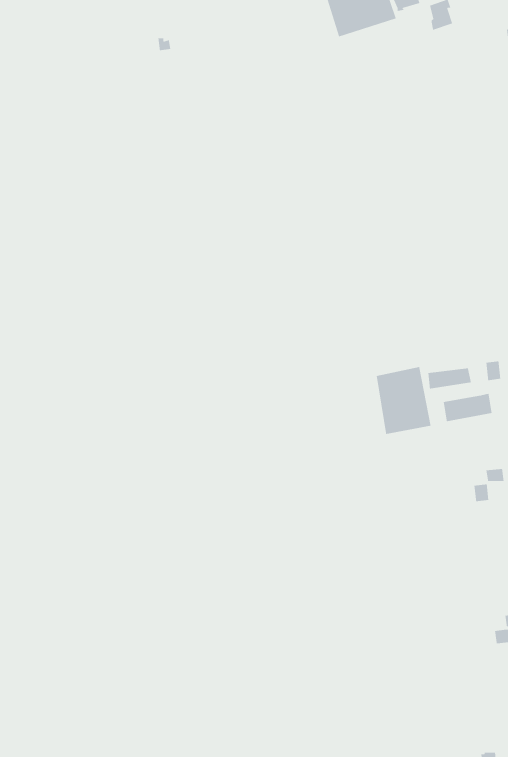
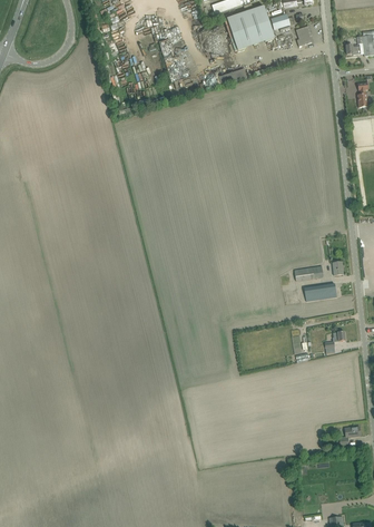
building: [376,366,431,435] -> none

